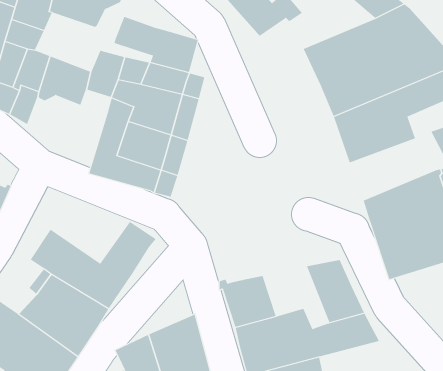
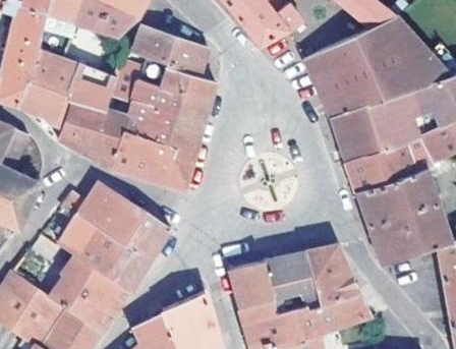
building: none -> [56,99,126,169]
building: none -> [344,137,421,193]
building: none -> [61,181,147,249]
building: none -> [267,252,326,308]

